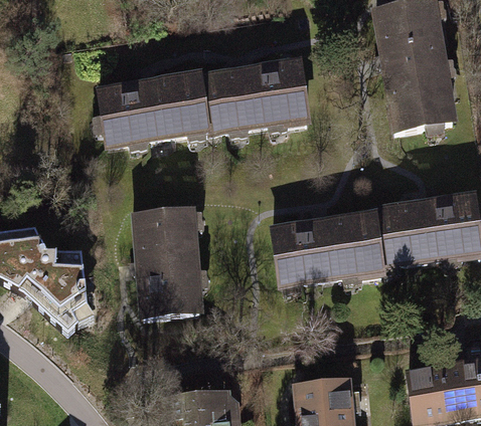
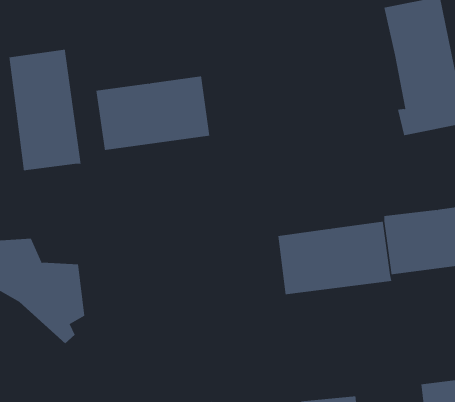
building: none -> [9,49,81,171]
building: [200,61,310,132] -> none
building: [132,208,201,316] -> none

